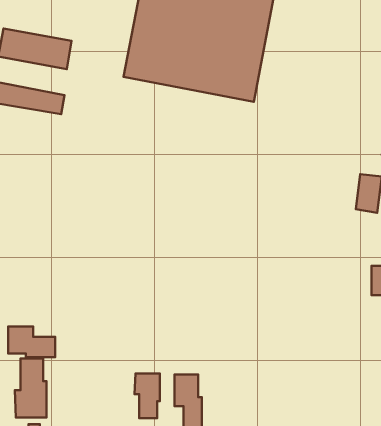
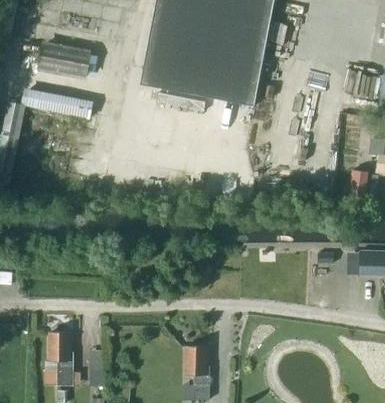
building: [8,327,55,357] -> none
building: [135,374,160,418] -> none

